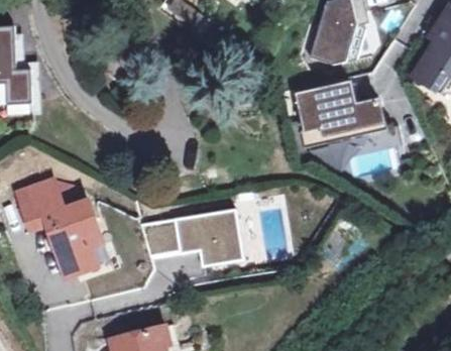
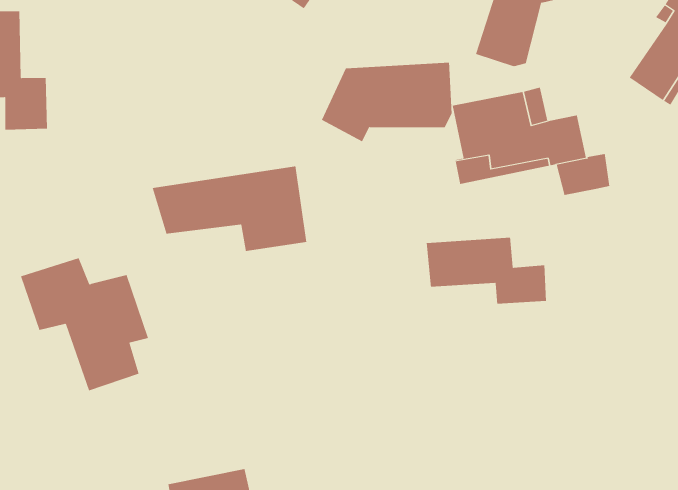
building: none -> [321,62,452,142]
building: none -> [426,237,547,304]
building: [142,212,243,267] -> [152,166,307,251]

